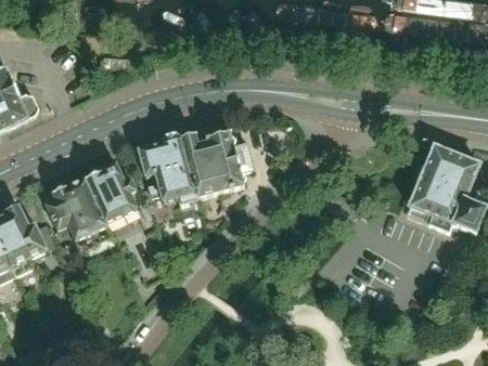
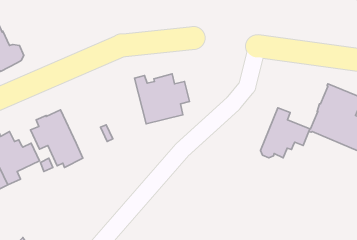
building: [137,131,198,208] -> none
building: [84,159,136,219] -> none
building: none -> [260,108,310,158]

